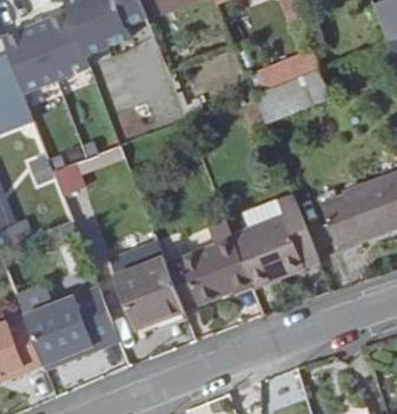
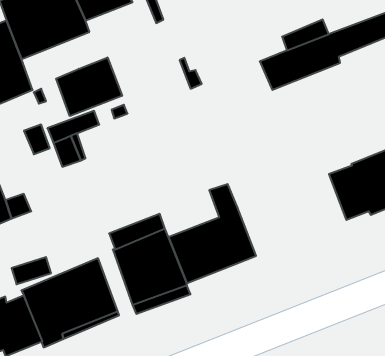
building: none -> [56,57,122,116]
building: [231,194,318,286] -> none

